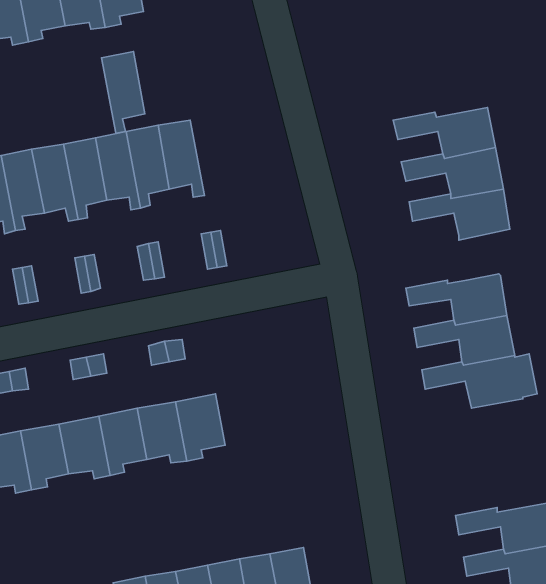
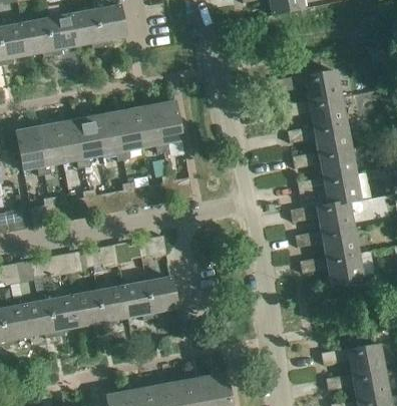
building: [102,52,145,133] -> [155,99,182,150]
building: none -> [279,69,342,101]
building: none -> [298,171,361,204]

